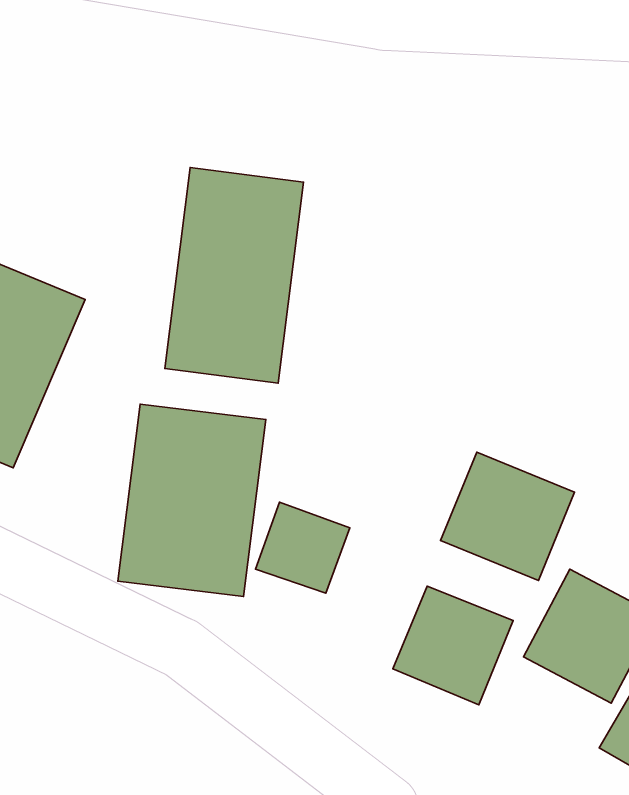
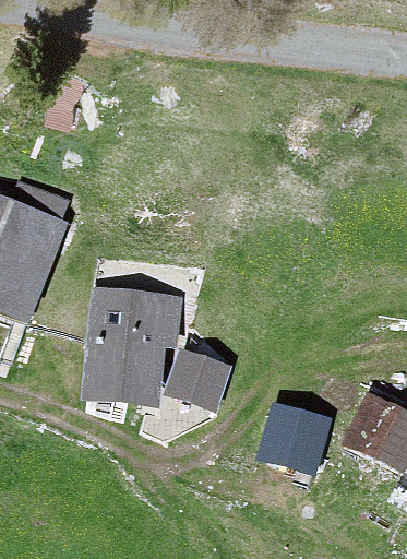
building: [165,168,304,383] -> none
building: [441,452,574,580] -> none

